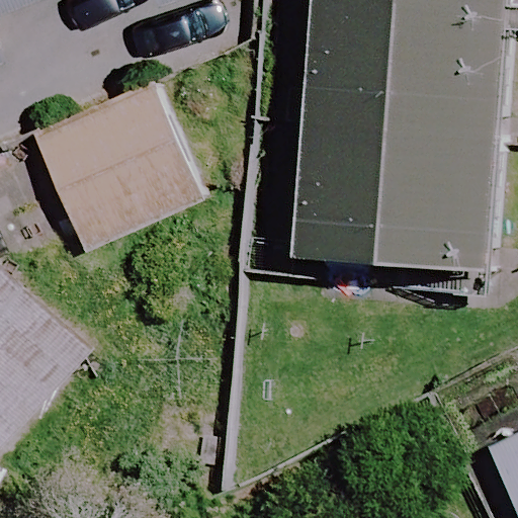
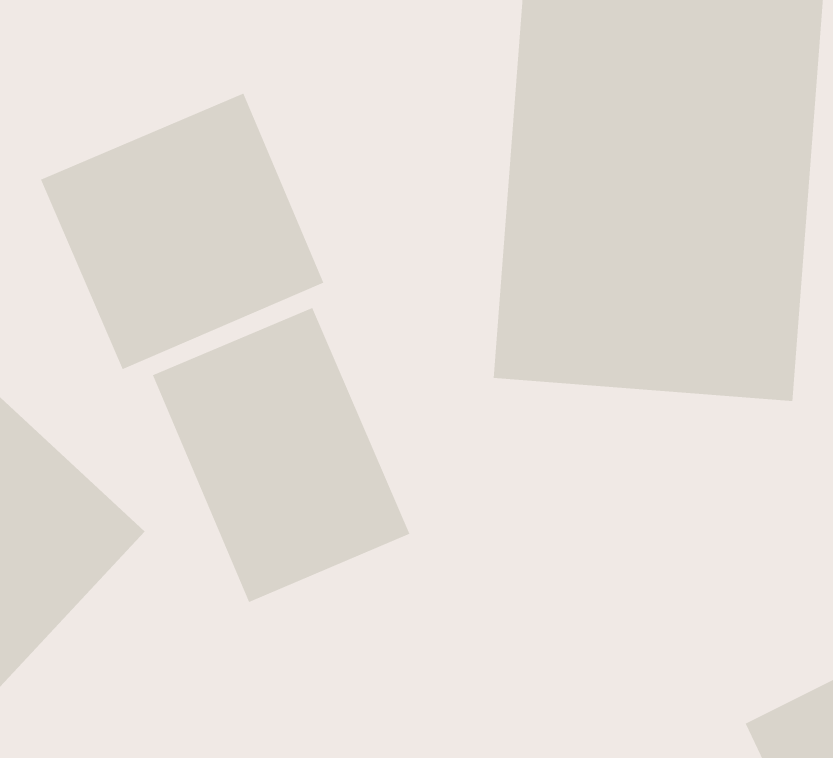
building: none -> [152,307,410,603]

